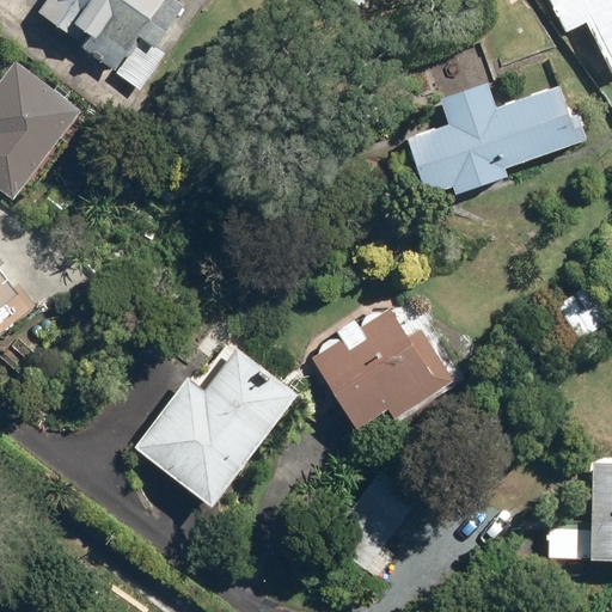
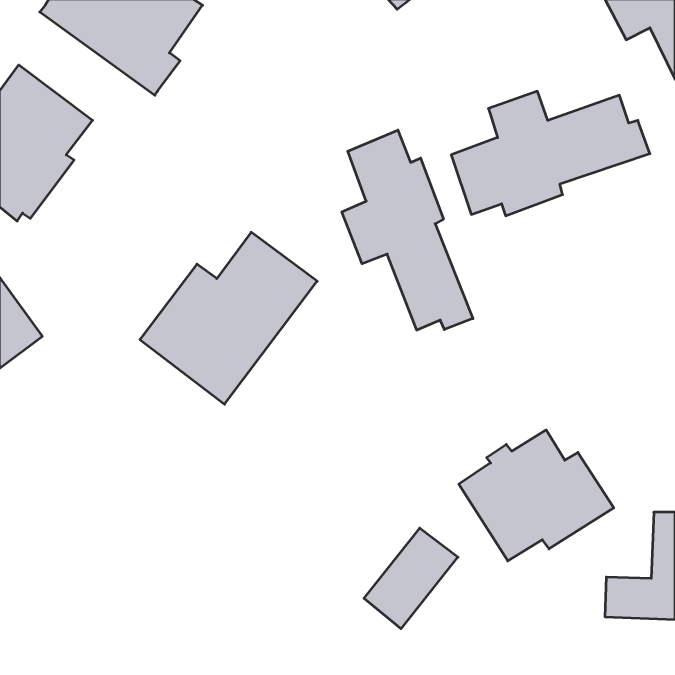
building: none -> [342,130,473,330]
building: [312,308,452,427] -> [459,430,614,561]
building: [135,349,295,504] -> [140,232,317,404]

